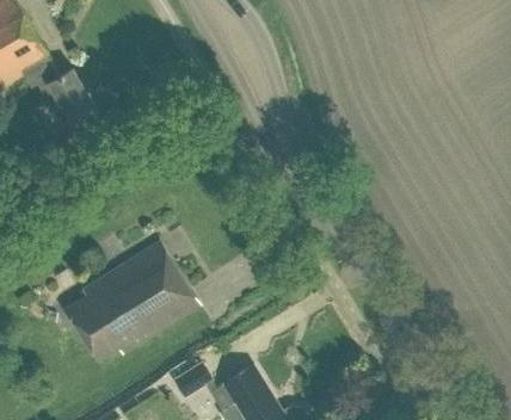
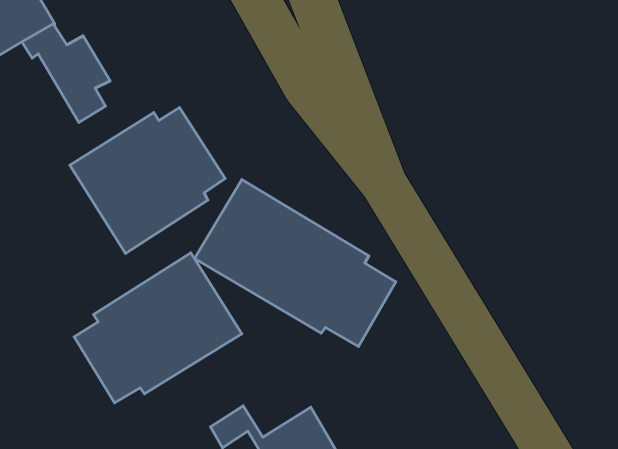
building: none -> [70,107,225,254]
building: none -> [194,179,396,346]

